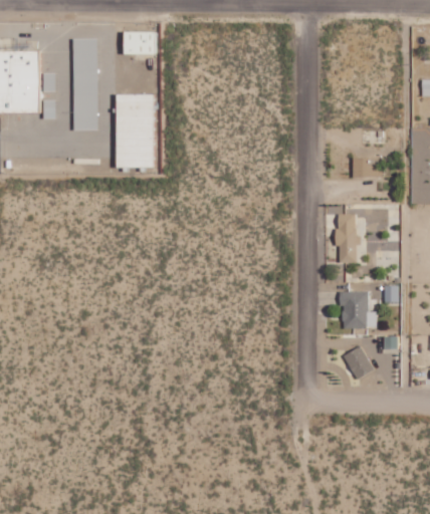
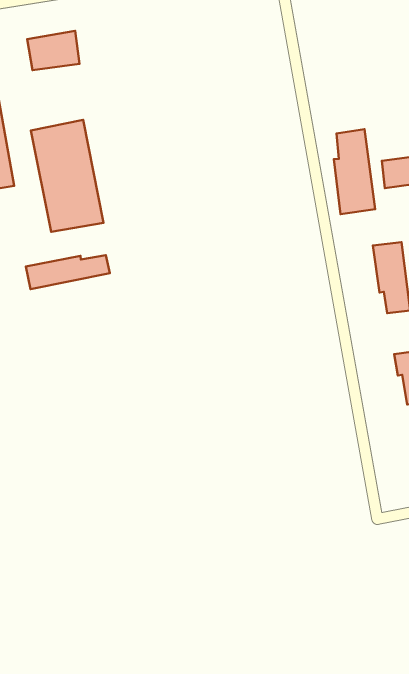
building: none -> [334,129,375,214]
building: none -> [26,255,110,289]

